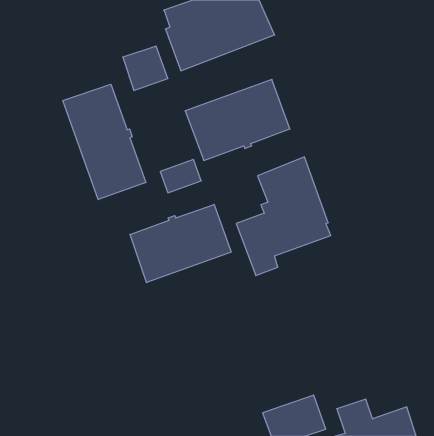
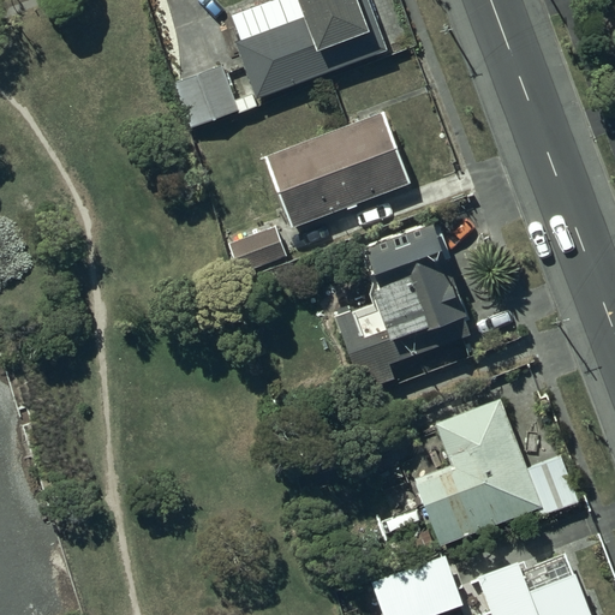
building: [63,84,146,200] -> none
building: [130,204,231,283] -> none
building: none -> [412,398,579,544]

